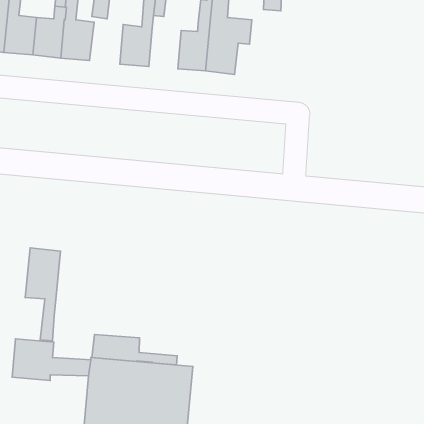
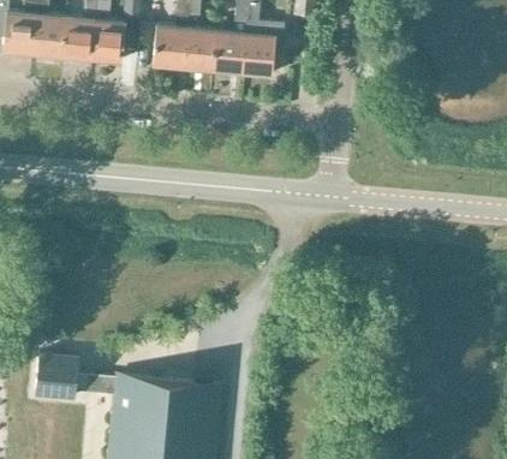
building: none -> [175,31,209,73]
building: [25,248,61,341] -> none
building: [92,335,177,365] -> none

